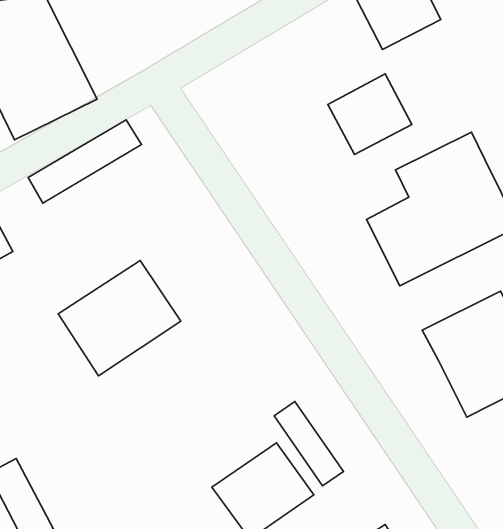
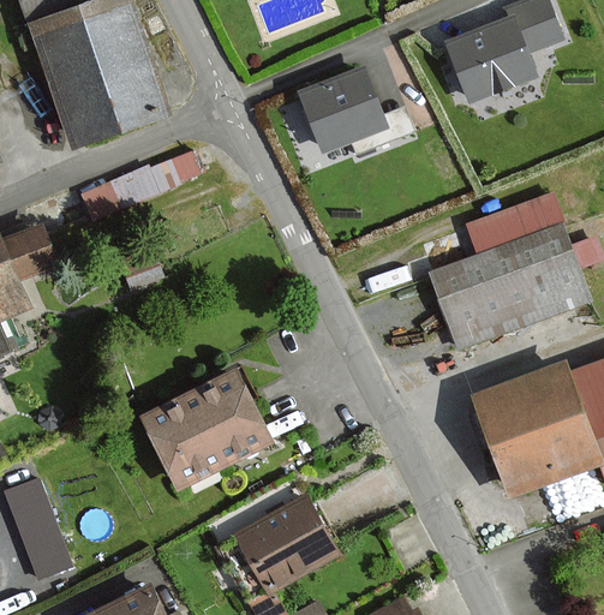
building: [328,74,412,154] -> [299,70,384,150]
building: [58,260,181,376] -> [142,374,269,489]
building: [274,401,343,486] -> none

